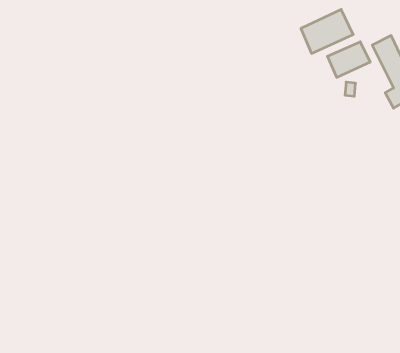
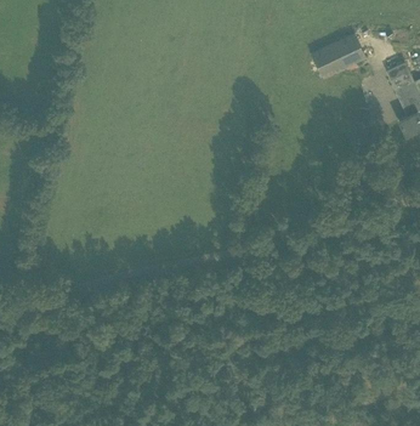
building: [327,42,370,77] -> none

